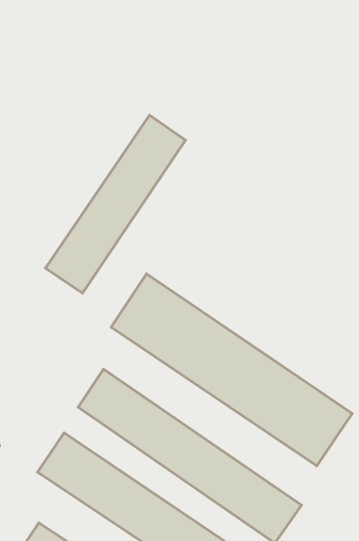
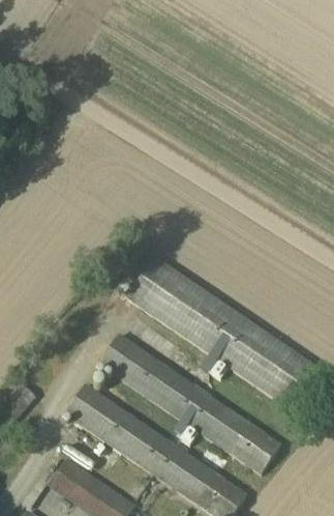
building: [45,115,186,293] -> none

